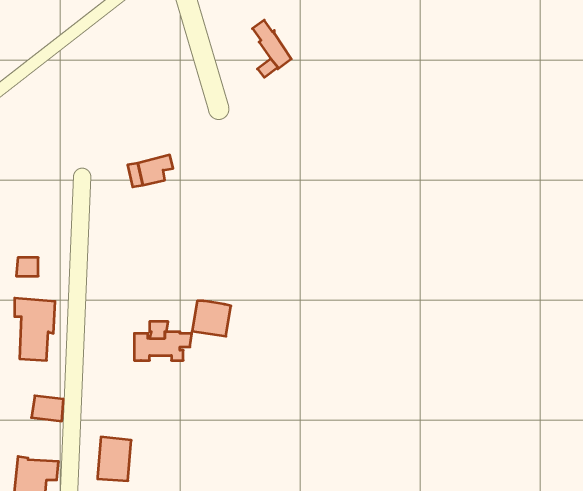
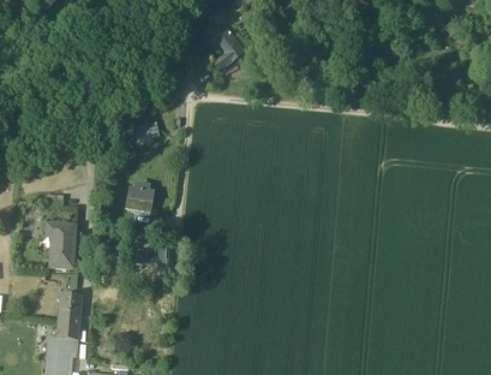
building: [192,301,231,336] -> [125,187,152,213]
building: [98,437,131,481] -> [55,309,79,340]

